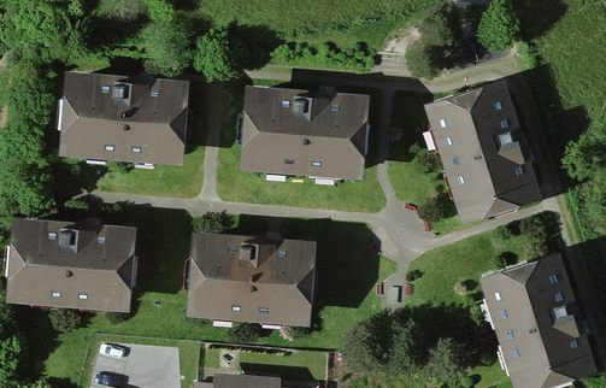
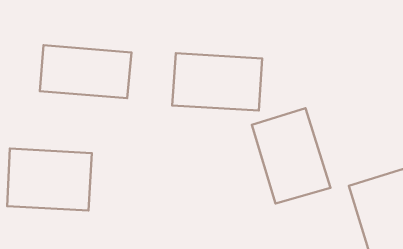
building: [425,84,533,214] -> [252,108,330,204]
building: [188,237,311,325] -> none

